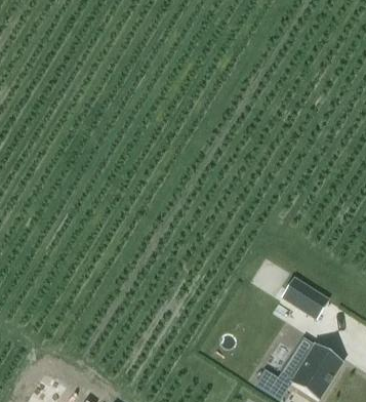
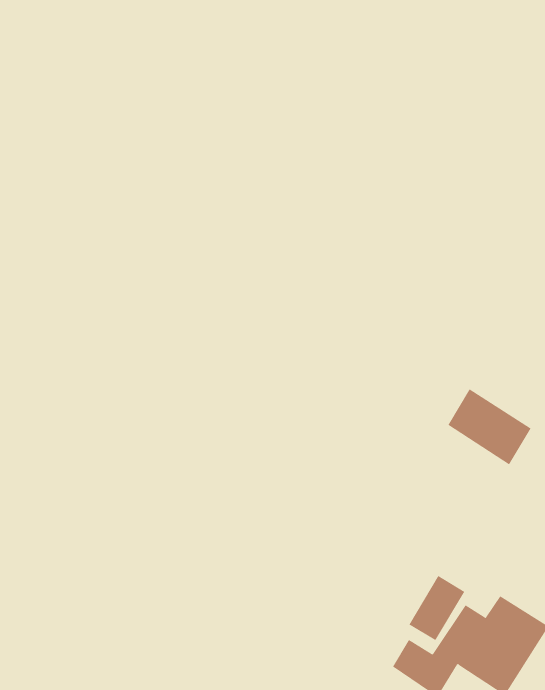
building: [283,276,330,319] -> [447,389,531,465]

